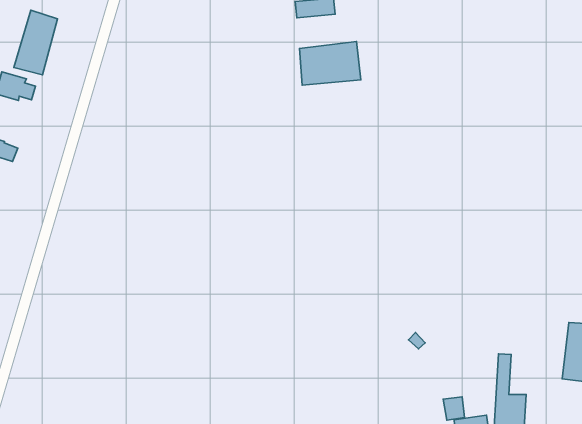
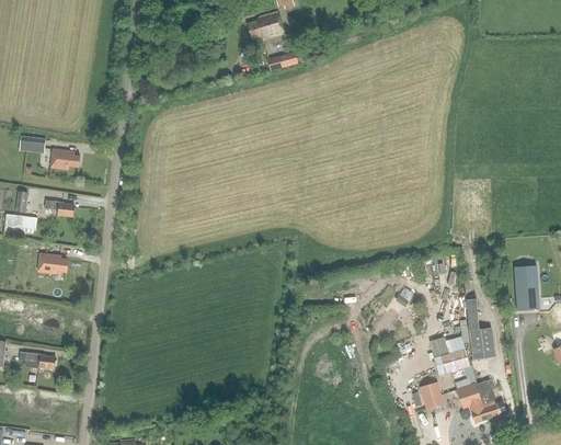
building: [14,10,58,75] -> none
building: [299,42,361,85] -> none

